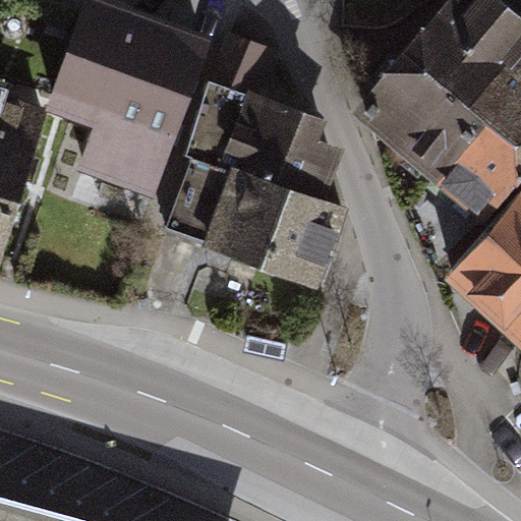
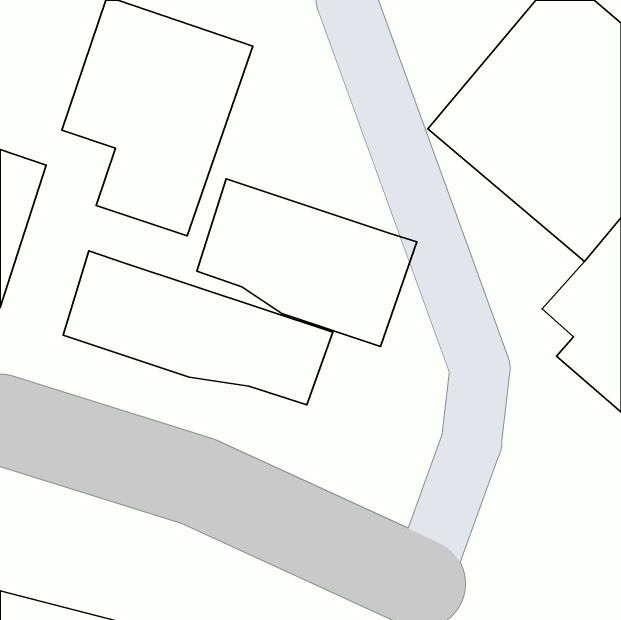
building: [189,33,338,196] -> none
building: none -> [63,251,333,405]

